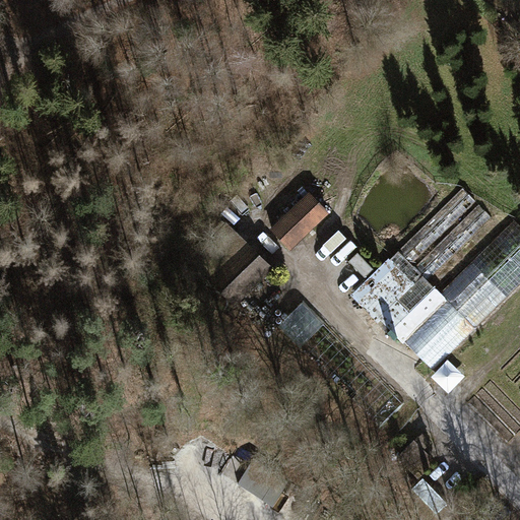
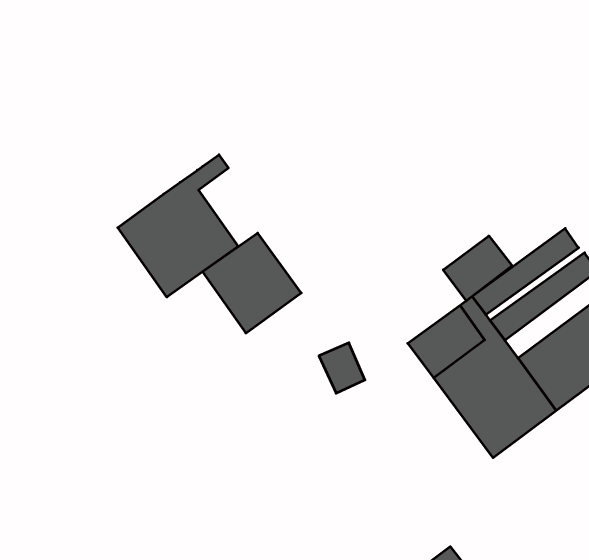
building: none -> [118,155,238,297]
building: [270,194,325,247] -> none
building: none -> [443,236,512,301]

